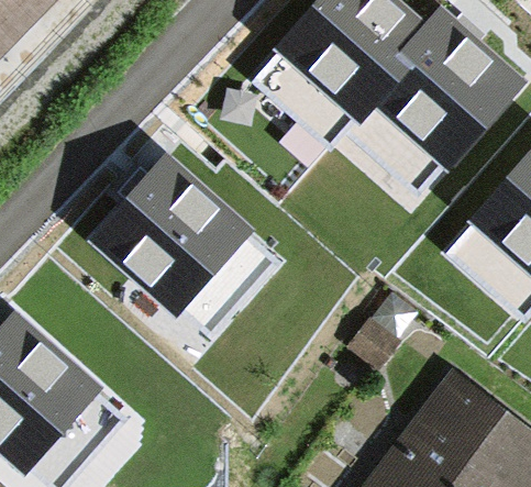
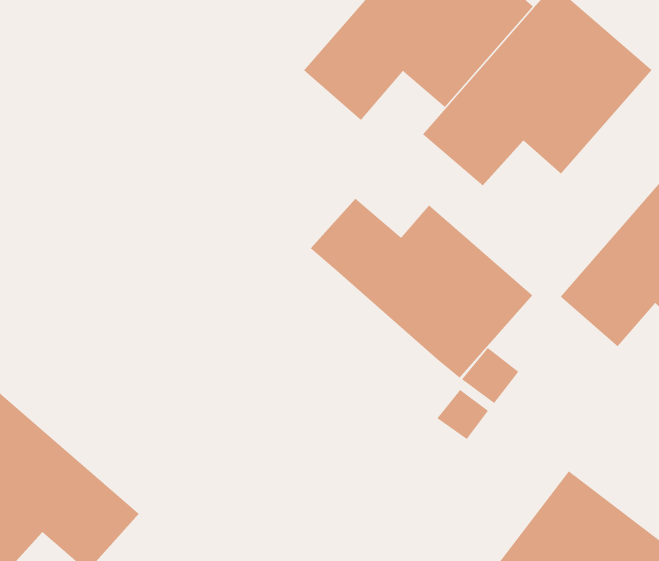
building: [99,157,279,303] -> none
building: none -> [310,198,533,379]

